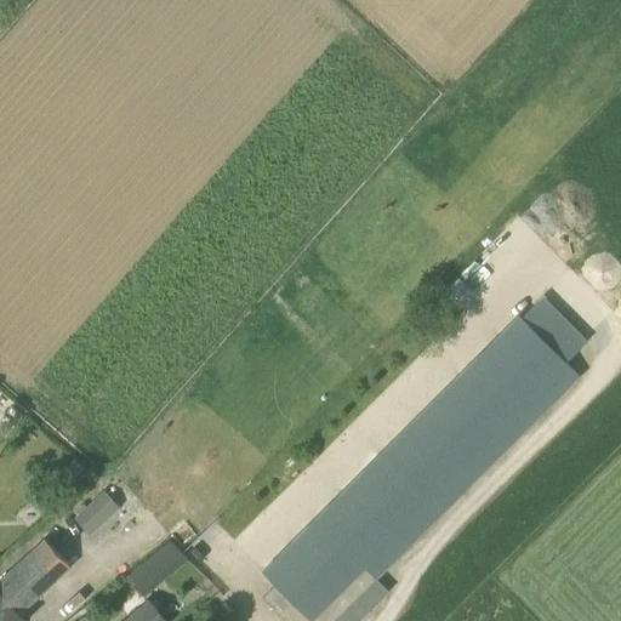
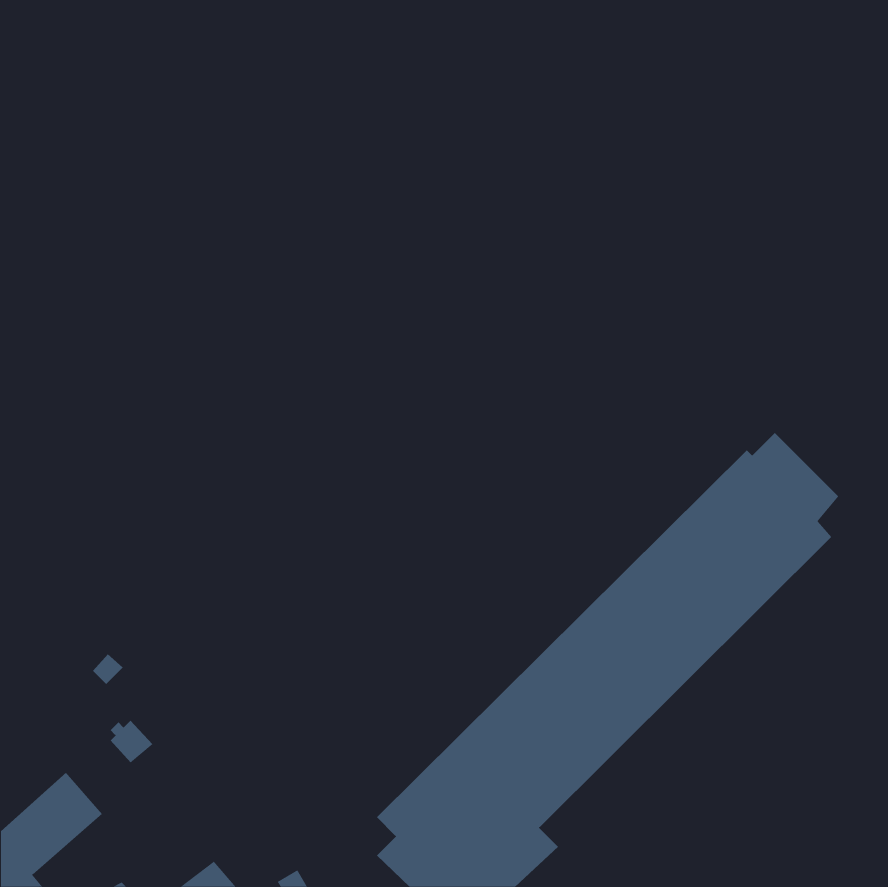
building: [127,551,172,594] -> none

